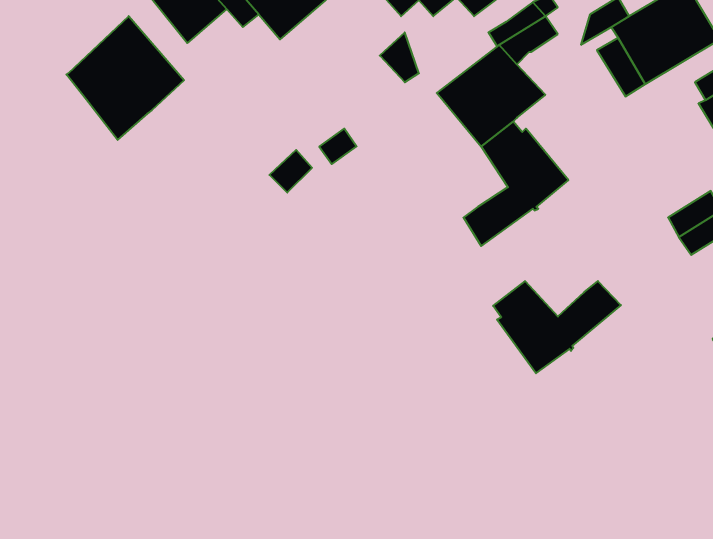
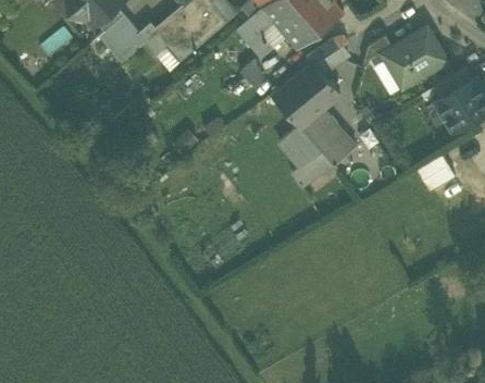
building: [66,16,184,140] -> none
building: none -> [283,126,318,163]
building: [493,281,621,373] -> none

